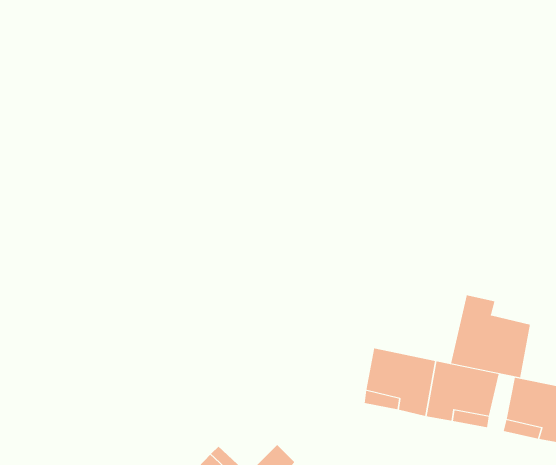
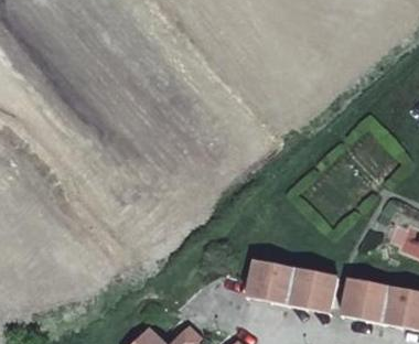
building: [450,294,531,378] -> none

